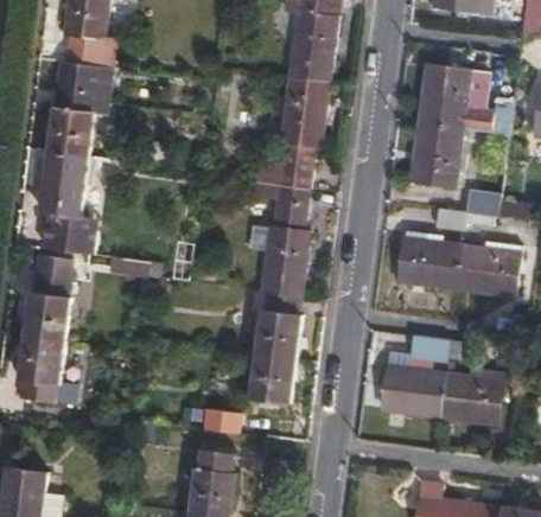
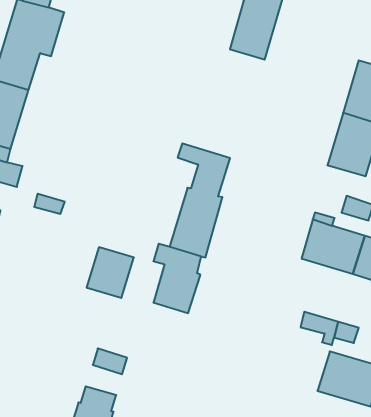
building: [257,77,329,190] -> none
building: [249,352,293,401] -> [87,247,134,298]
building: [384,364,446,415] -> none

